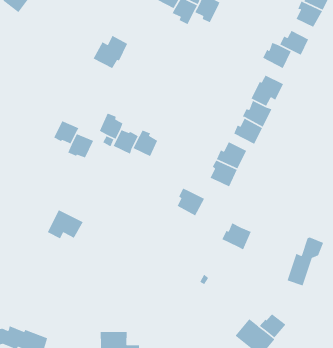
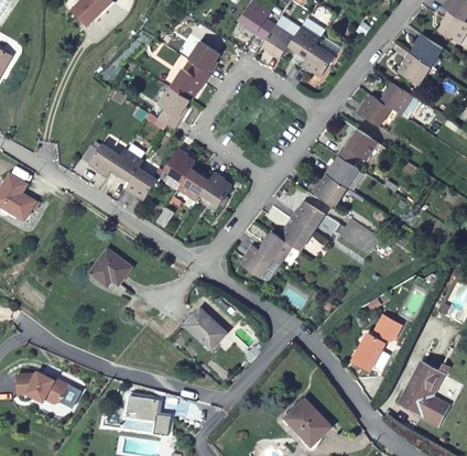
building: none -> [298,47,329,78]
building: none -> [186,42,218,75]
building: none -> [154,87,187,130]
building: none -> [90,145,120,177]
building: [221,222,252,250] -> [256,230,291,263]
building: none -> [182,310,226,352]
building: [259,313,286,338] -> none

